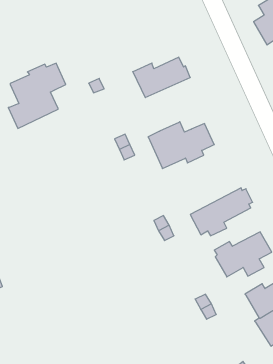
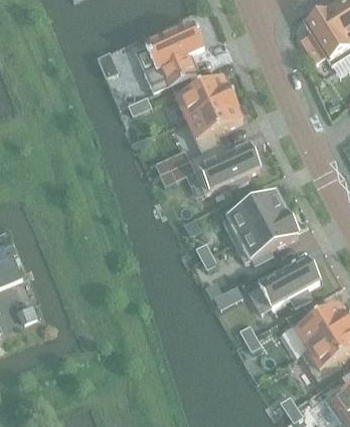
building: [8,63,66,128] -> [144,22,204,90]
building: none -> [187,95,242,152]
building: none -> [223,190,288,239]

